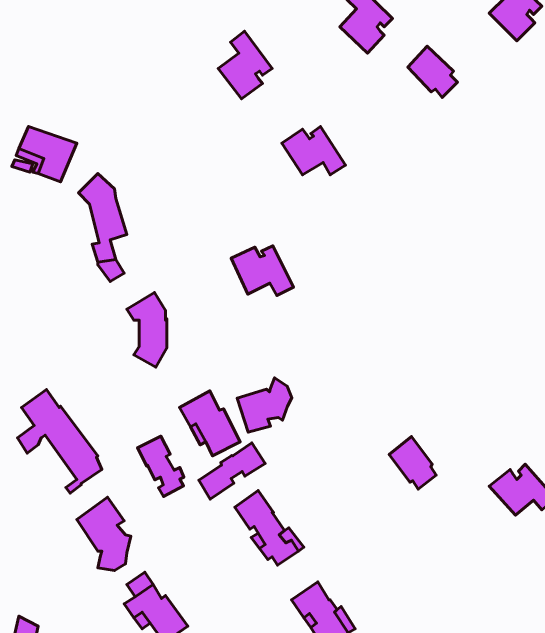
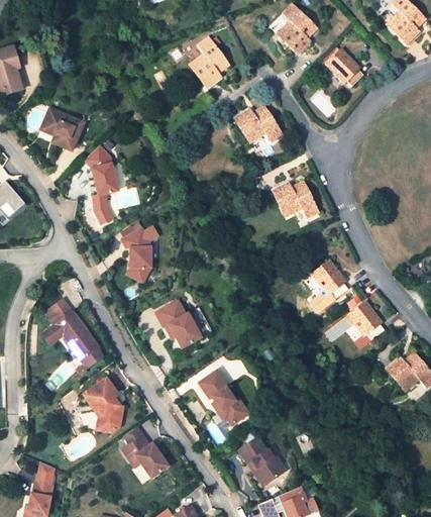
building: [231,246,293,296] -> [272,181,317,217]
building: none -> [311,258,346,298]
building: [237,378,292,432] -> none
building: [138,436,184,496] -> none
building: [389,436,436,489] -> [348,301,383,339]
building: [199,443,265,499] -> none

